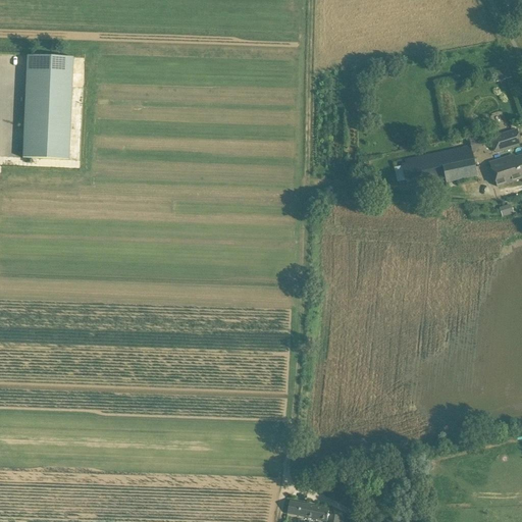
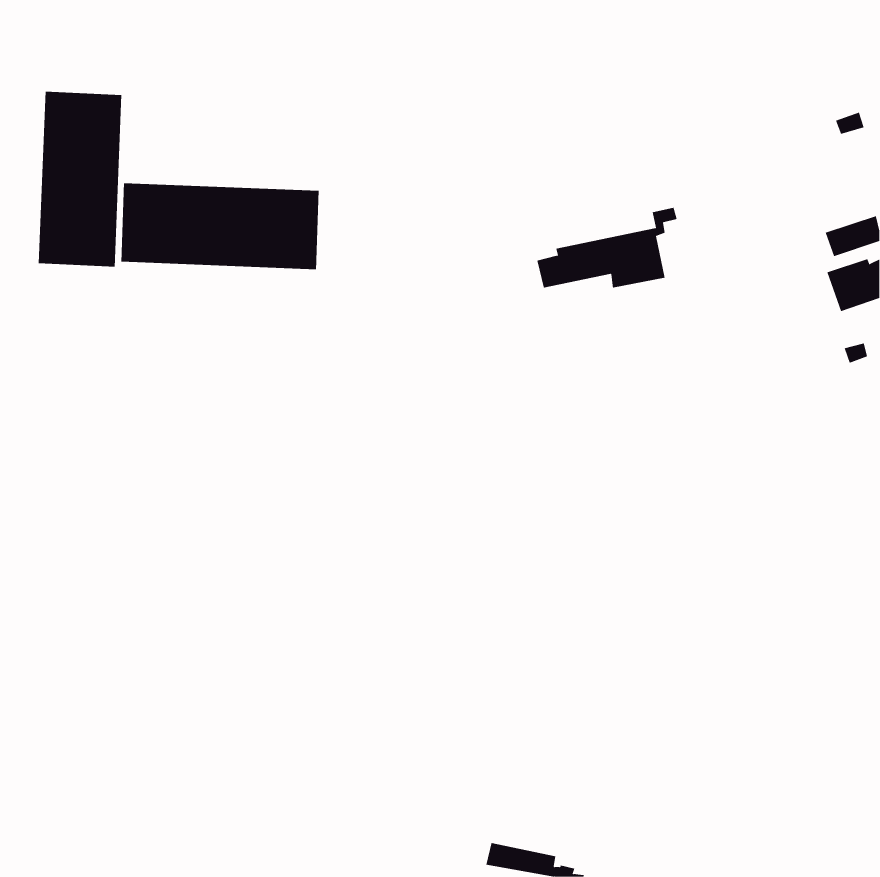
building: none -> [121,182,319,270]
building: [402,133,485,180] -> [536,207,678,288]

